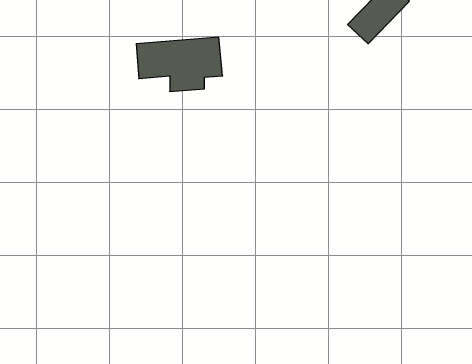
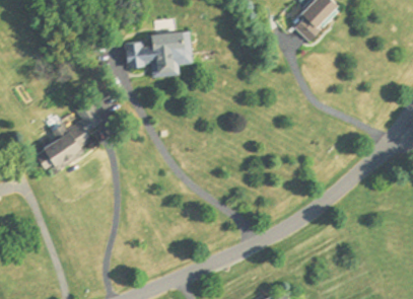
building: none -> [35,122,92,169]

